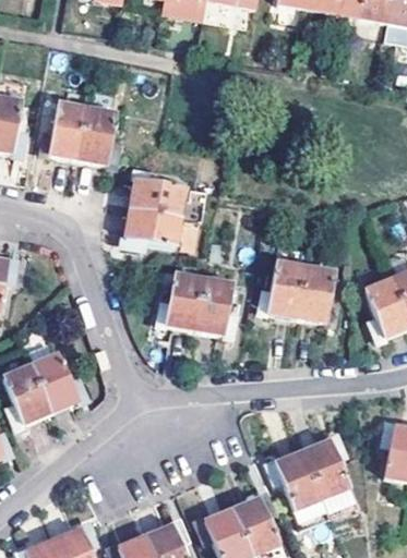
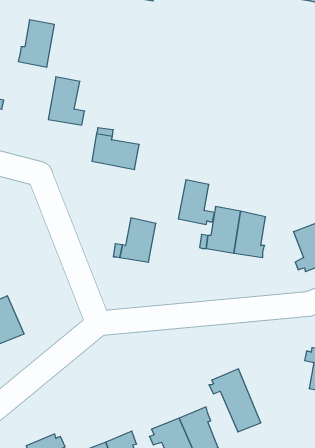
building: [44,102,86,158] -> [18,20,54,67]
building: [122,207,179,245] -> none
building: [195,280,238,332] -> [178,180,214,224]
building: [27,342,85,410] -> none
building: [301,439,352,514] -> none

